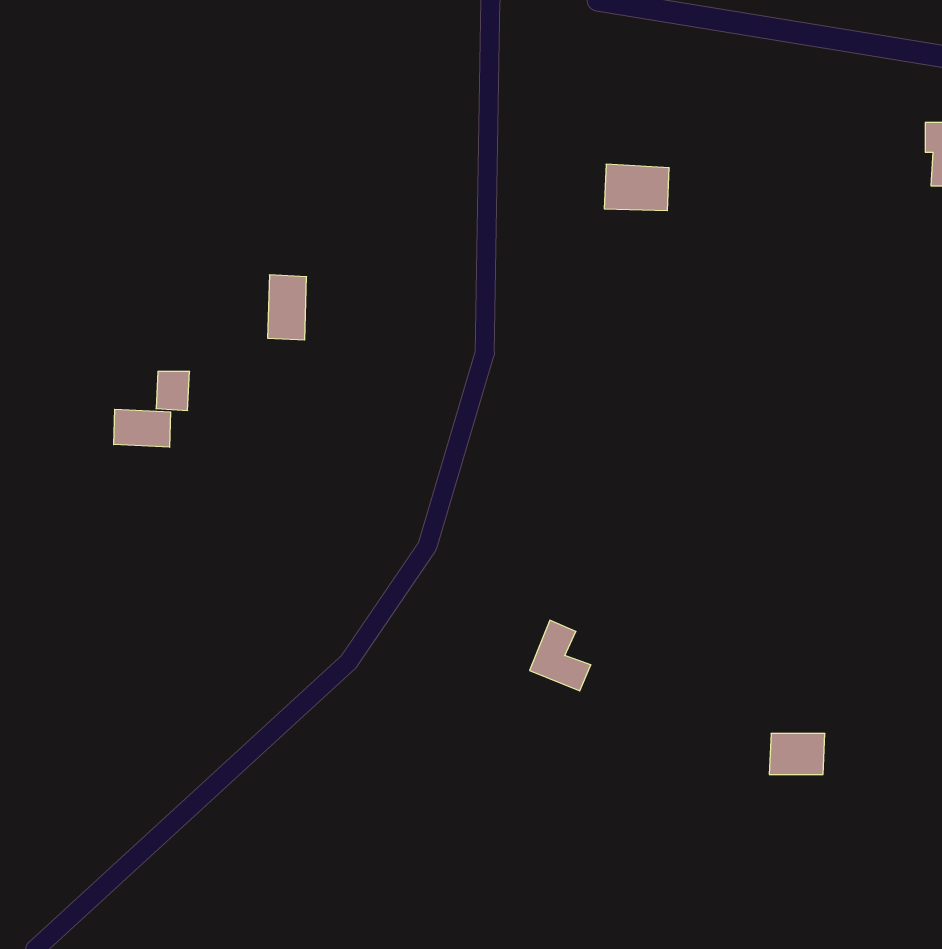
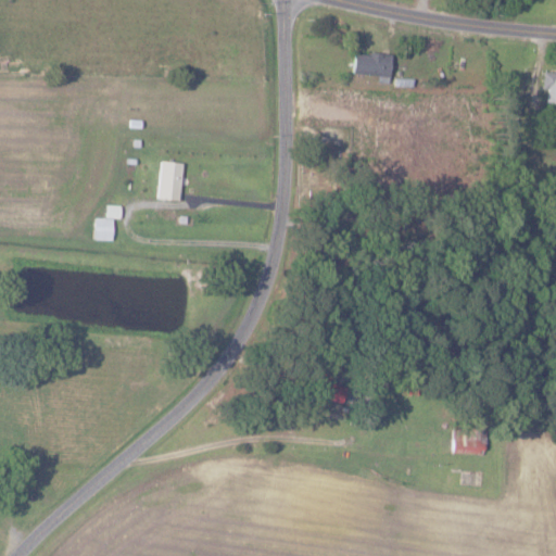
building: [604,164,669,211] -> [355,52,393,79]
building: [114,409,171,447] -> none

